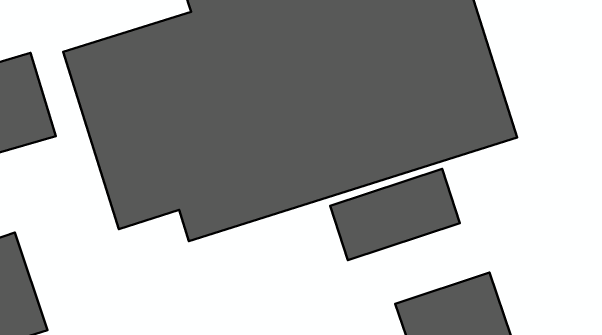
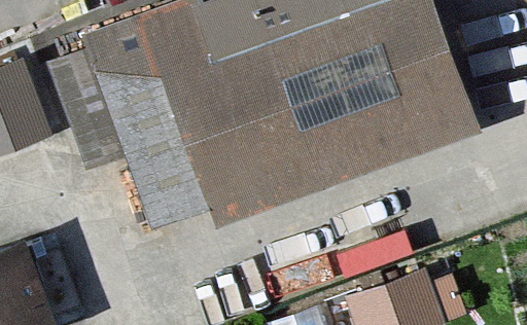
building: [330,169,460,260] -> none

